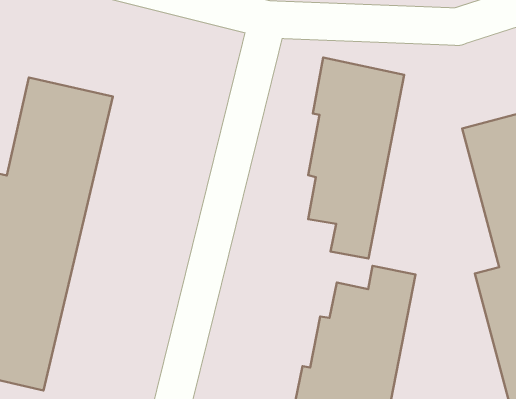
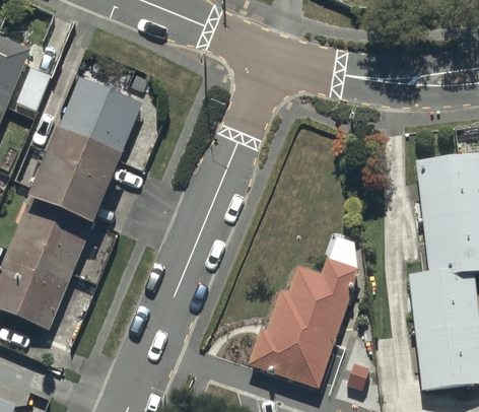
building: [308,58,404,258] -> none

